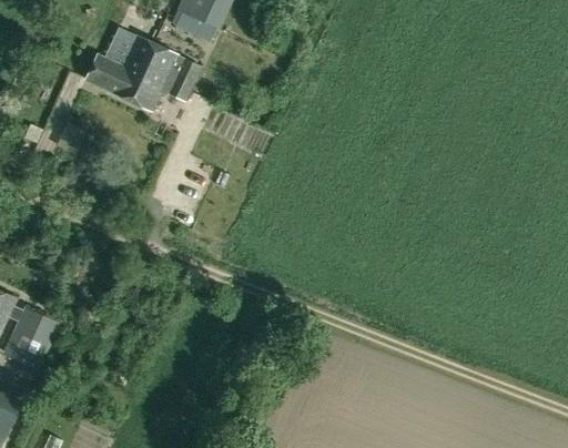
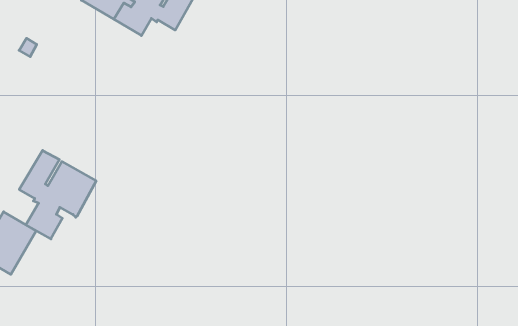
building: none -> [19,150,96,239]

